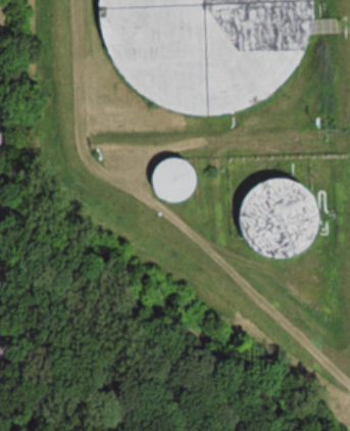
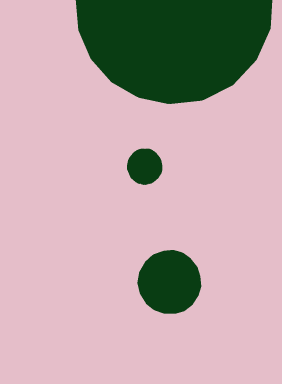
building: [246,186,316,255] -> [136,249,202,314]

